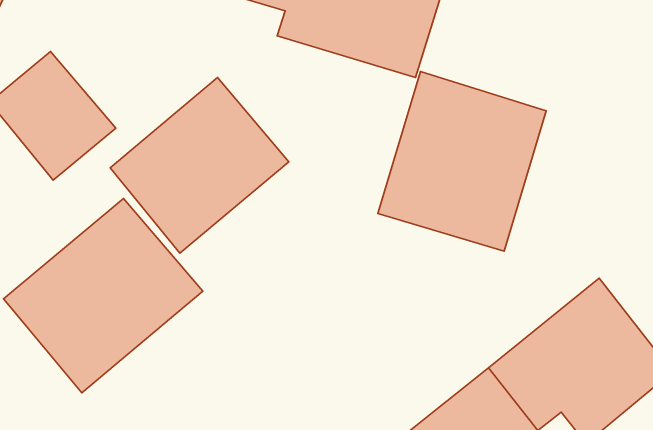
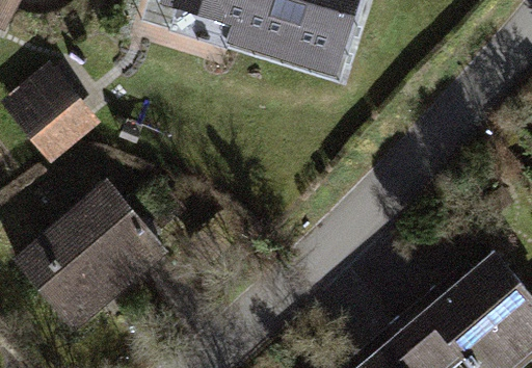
building: [378,72,546,251] -> none
building: [110,78,289,253] -> none

